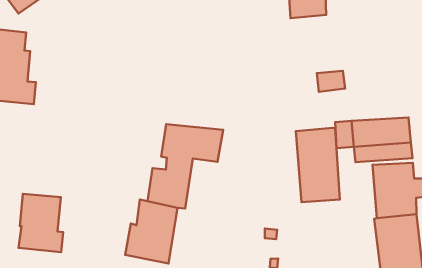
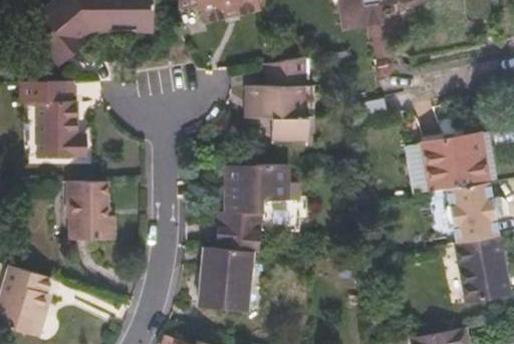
building: none -> [253,57,307,140]
building: [296,128,340,202] -> none
building: [19,194,63,252] -> [69,183,115,240]

